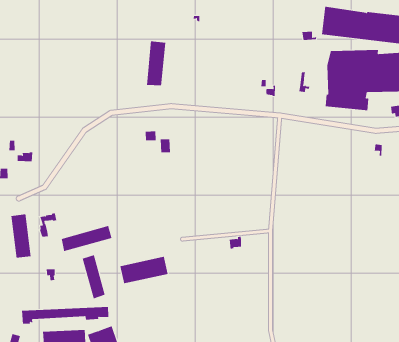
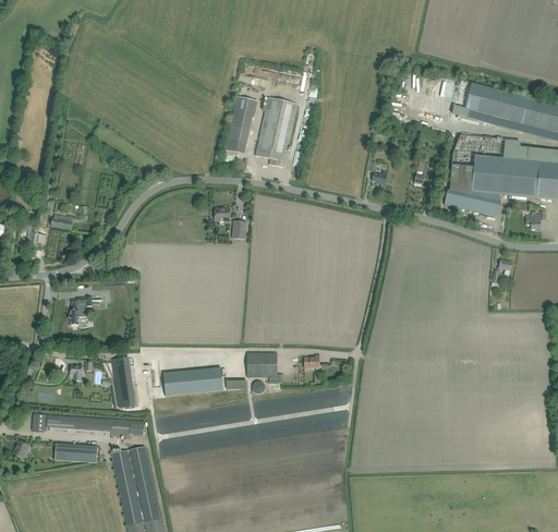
building: none -> [255,97,298,168]
building: [11,214,31,259] -> none
building: [61,225,112,252] -> none
building: none -> [247,353,283,384]

